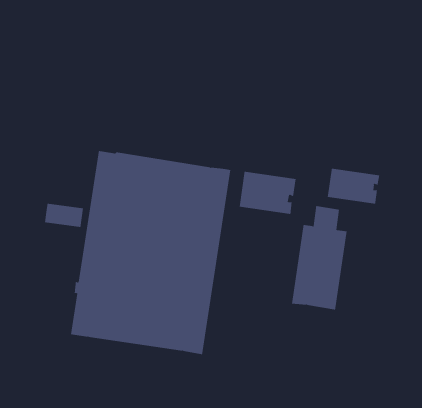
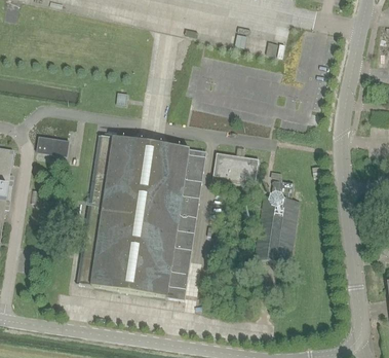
building: [327,168,380,204] -> none
building: [44,203,84,227] -> [37,135,69,154]

